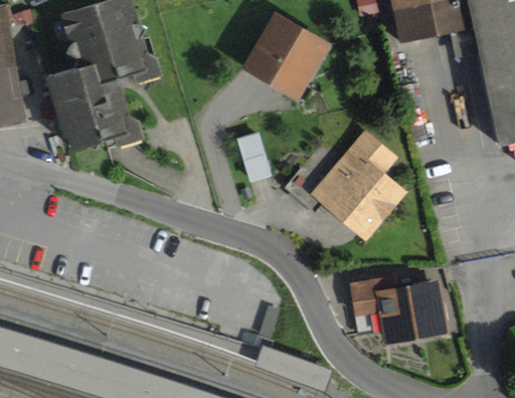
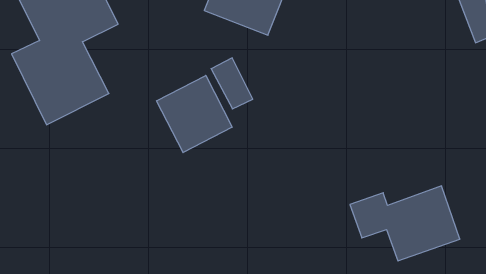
building: [311,127,407,238] -> none
building: none -> [157,75,232,153]

